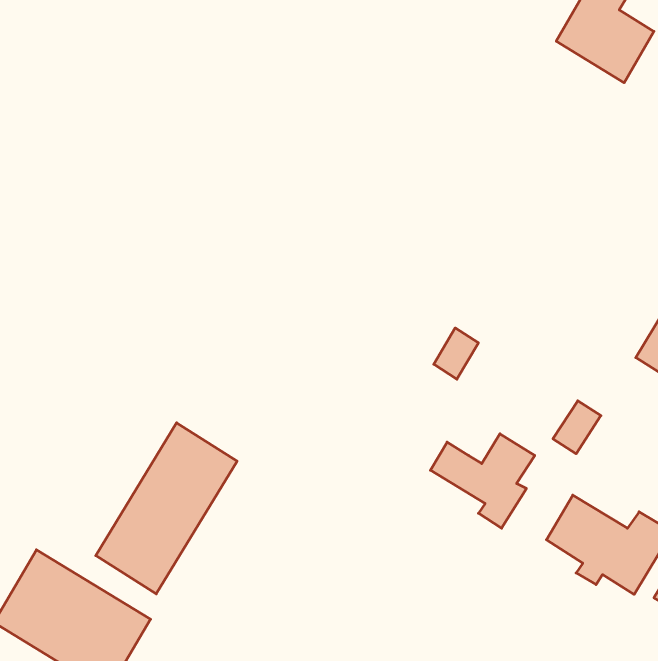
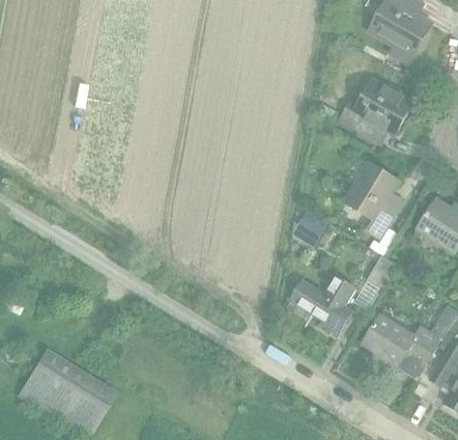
building: none -> [340,79,412,135]
building: none -> [346,163,399,237]
building: [96,423,237,594] -> none

